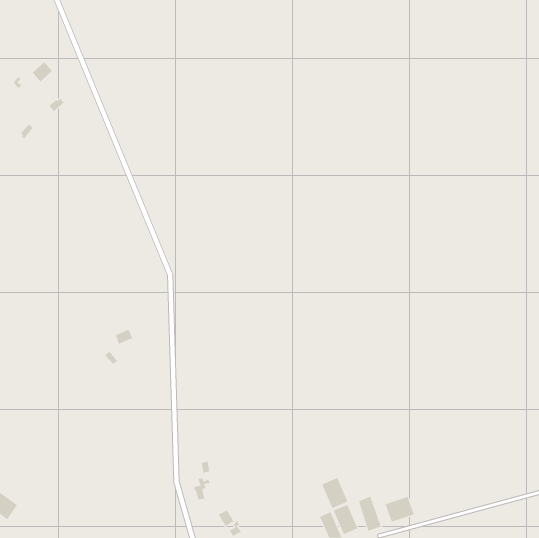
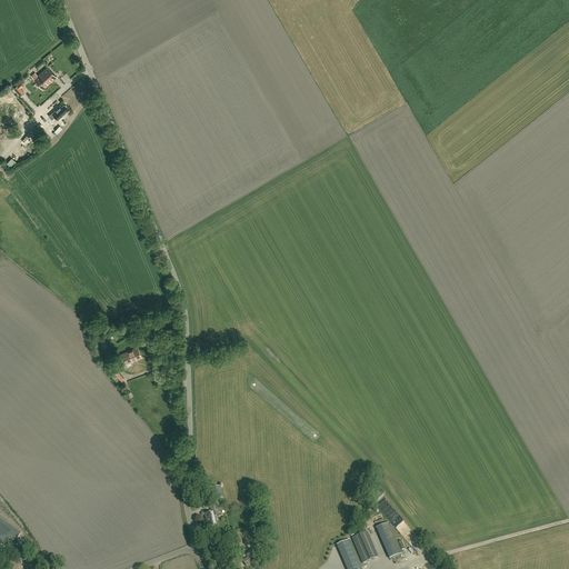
building: [322,477,348,509] -> none
building: [385,496,414,523] -> none

